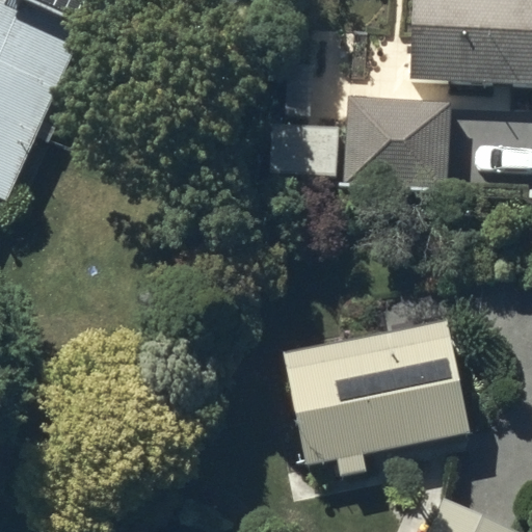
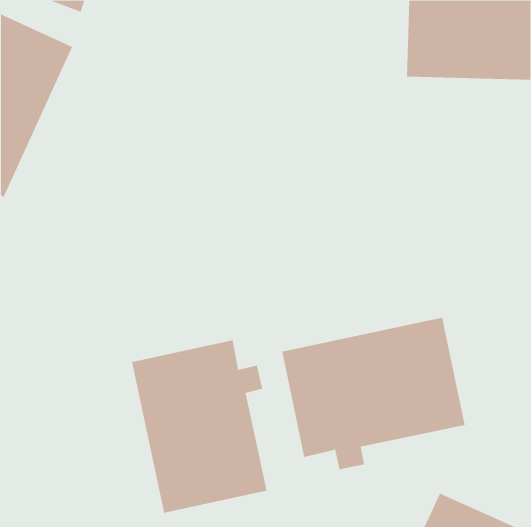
building: [343,96,450,180] -> none
building: none -> [132,339,267,513]

